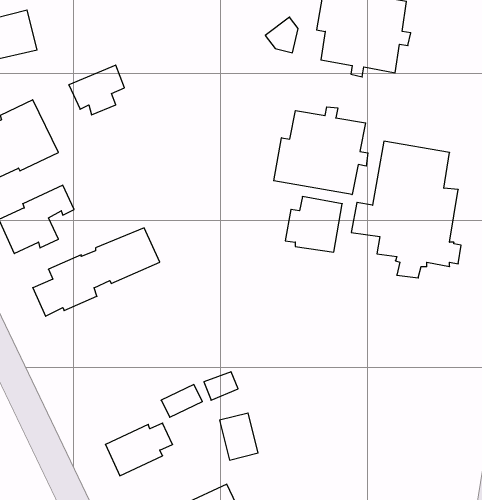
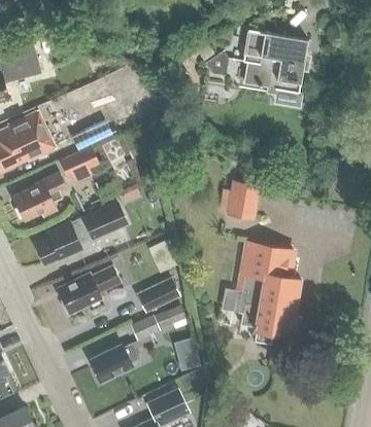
building: [69,65,124,115] -> [59,146,99,182]
building: [274,107,368,195] -> none
building: [351,141,461,278] -> [222,241,301,340]
building: none -> [58,265,121,312]
building: none -> [140,275,182,309]

